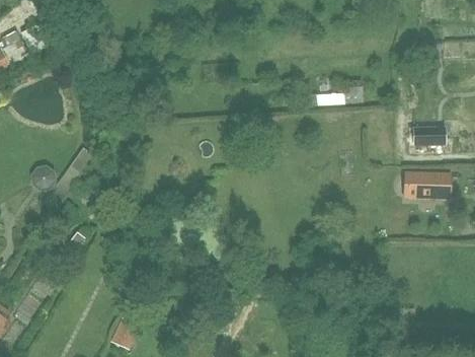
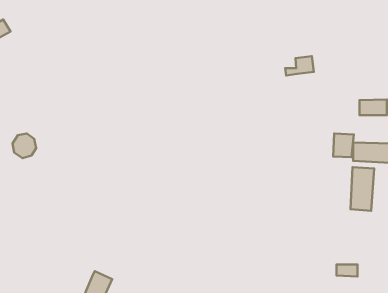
building: none -> [333,133,354,157]
building: none -> [351,167,374,211]

